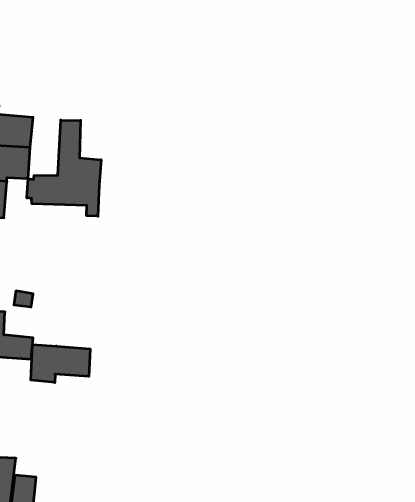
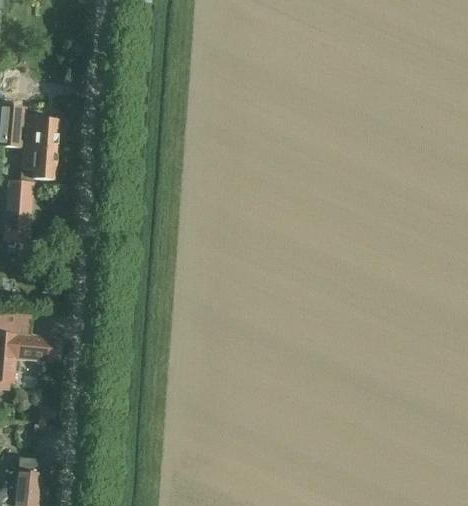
building: [27,120,101,216] -> none
building: [31,344,90,383] -> none

